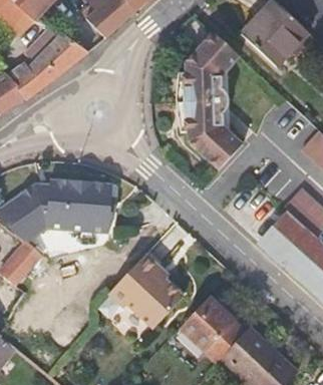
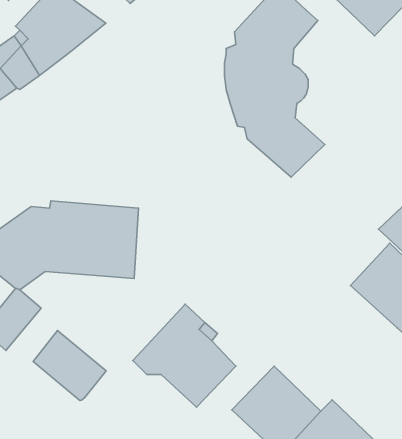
building: none -> [33,331,106,401]

